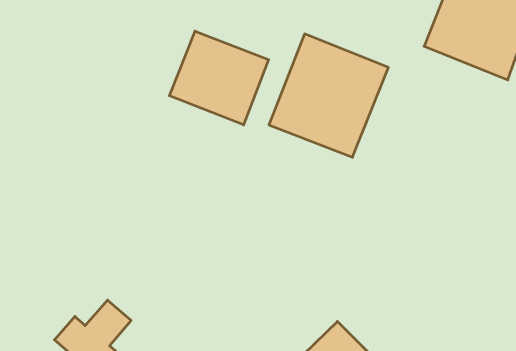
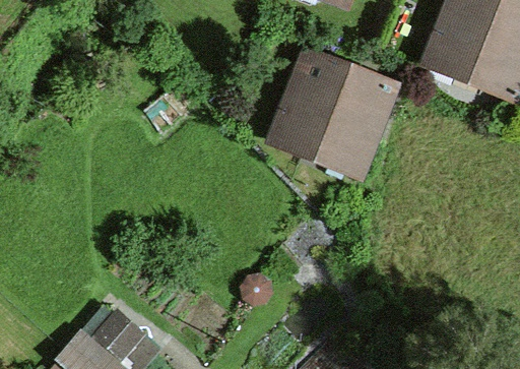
building: [169,31,269,125] -> none

